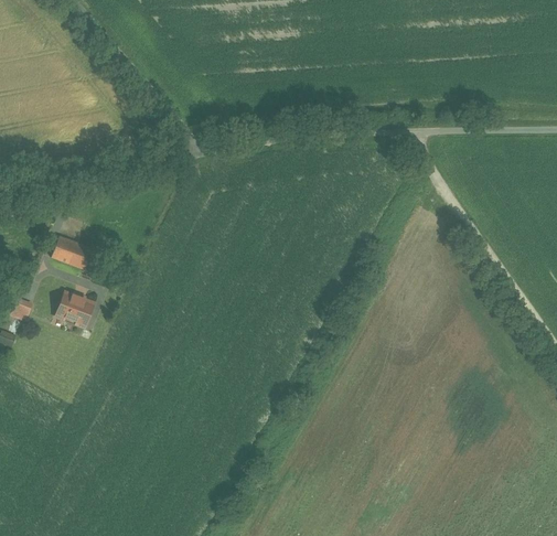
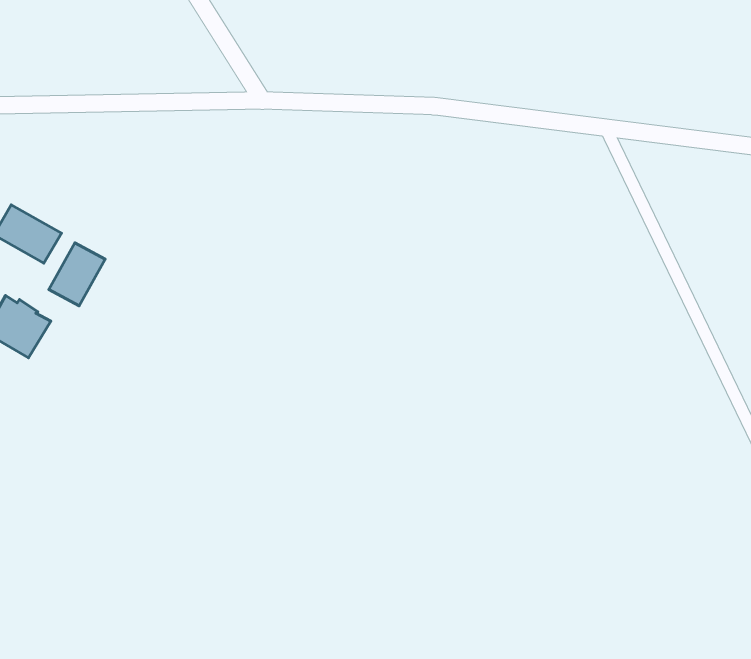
building: none -> [49,243,105,306]

